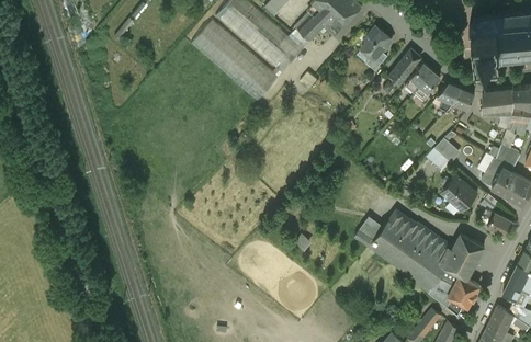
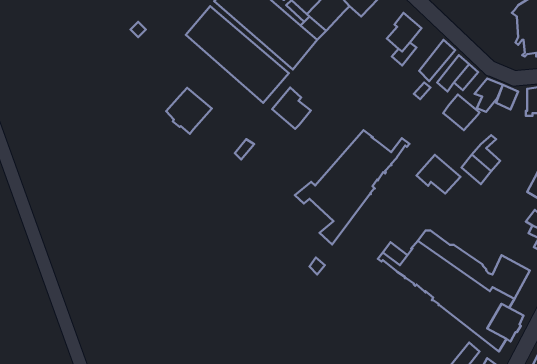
building: none -> [272,87,311,129]
building: none -> [166,88,212,134]
building: none -> [443,95,480,130]
building: none -> [295,130,409,245]
building: [440,174,477,207] -> [417,155,460,194]

